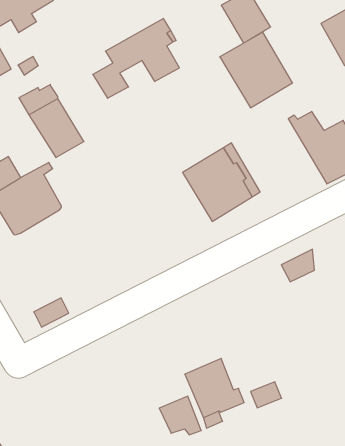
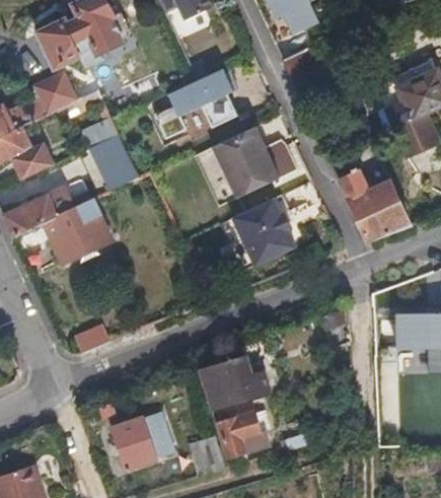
building: [220,32,293,108] -> [211,126,279,198]
building: none -> [199,344,269,404]
building: none -> [112,411,173,468]

